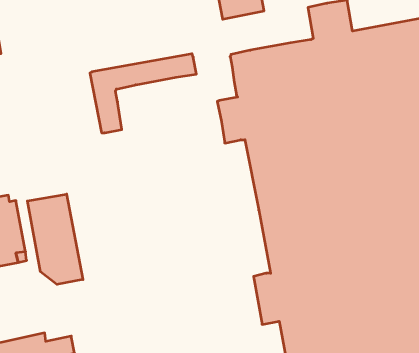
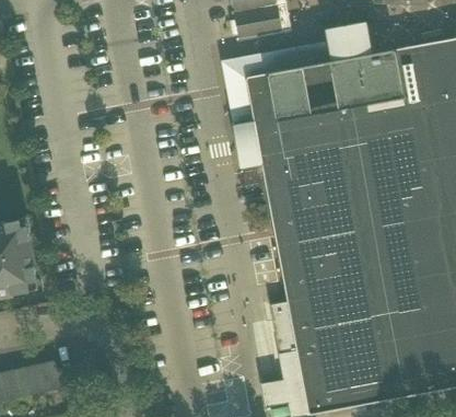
building: [90,54,196,133] -> [221,40,330,121]
building: [27,194,83,284] -> none

